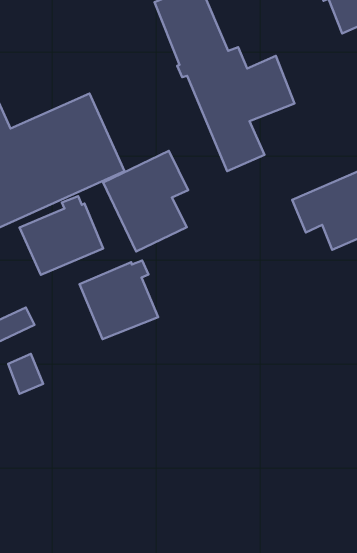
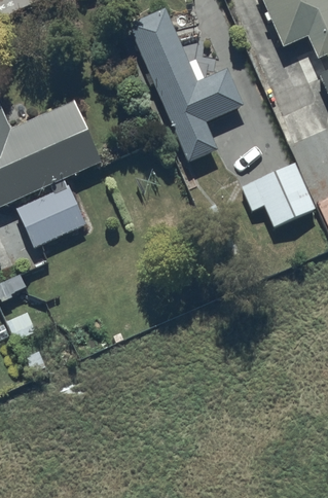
building: [103,151,188,252] -> none
building: [80,260,158,339] -> none

